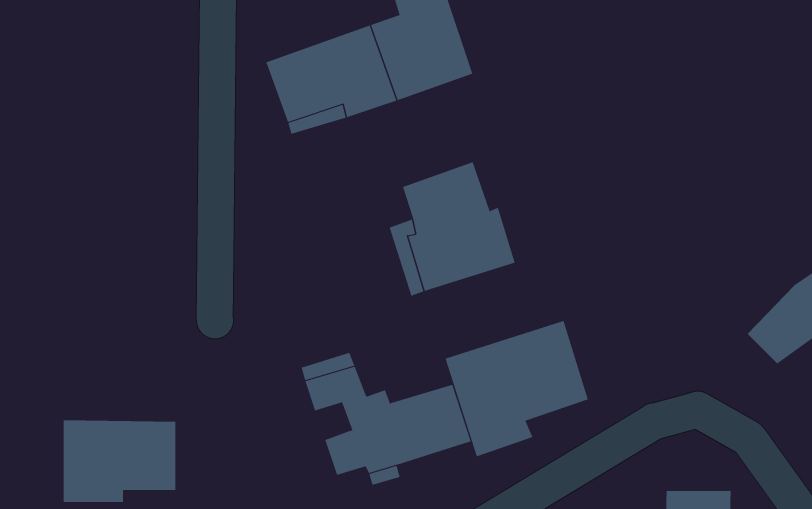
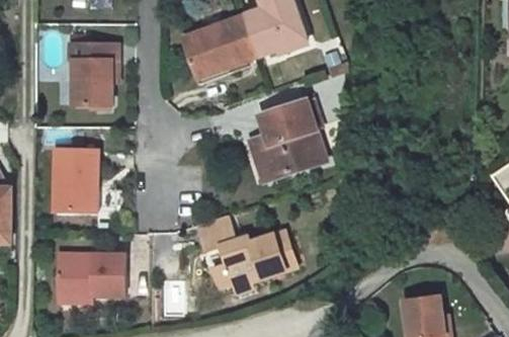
building: none -> [66,43,115,103]
building: none -> [50,150,94,210]
building: [445,320,589,457] -> none

